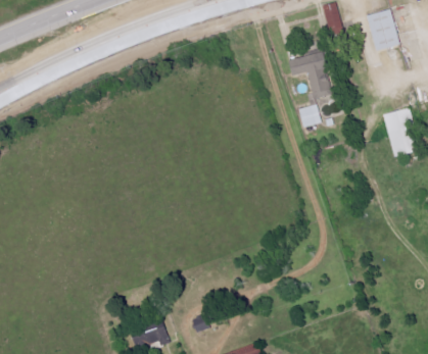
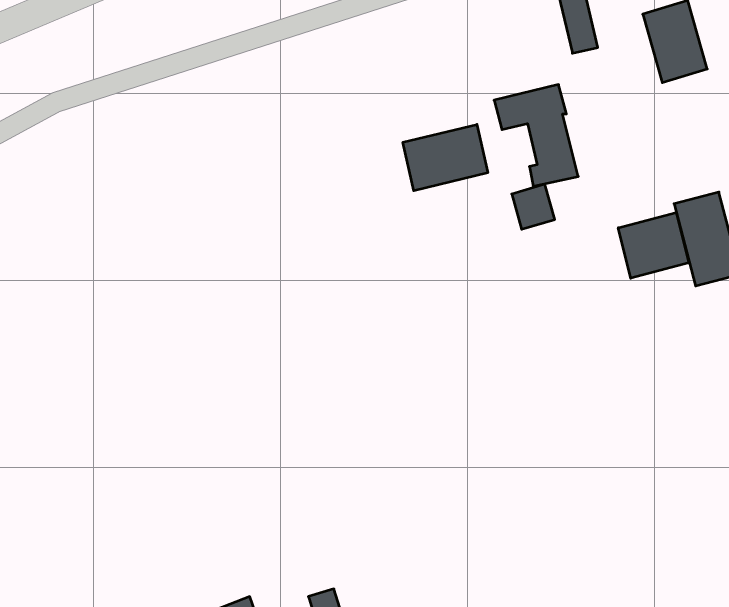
building: none -> [403,124,488,191]
building: none -> [618,213,689,278]

